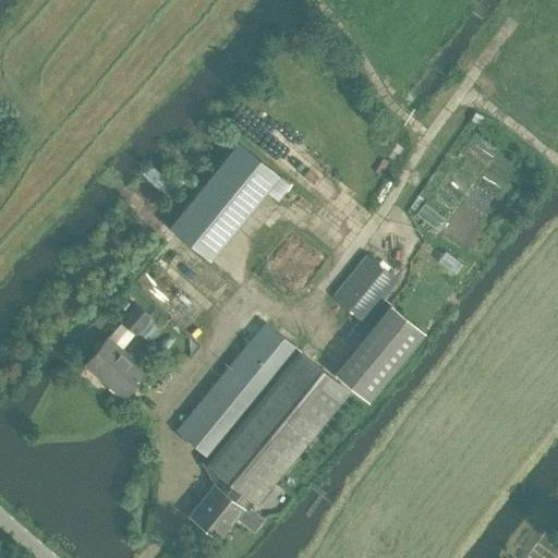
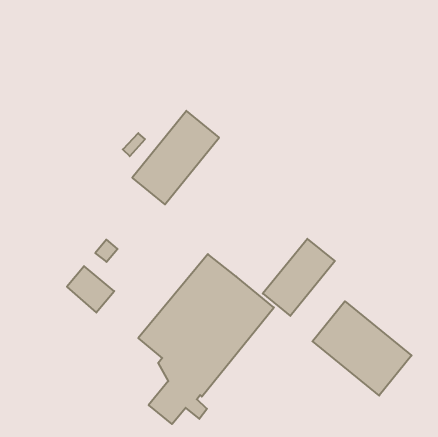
building: [333,256,398,323] -> none
building: none -> [312,301,412,396]

